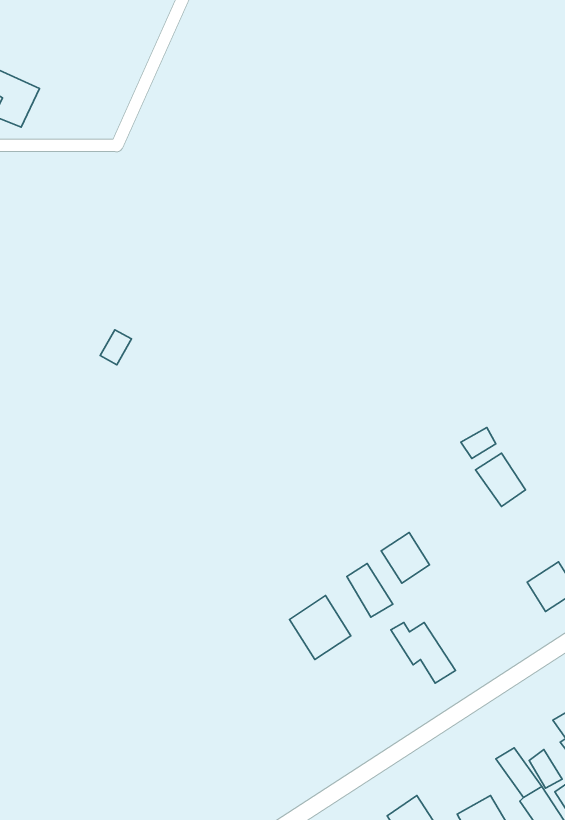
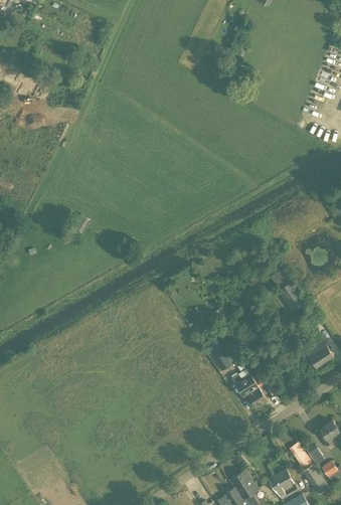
building: [381,532,430,583] -> none
building: [289,596,351,660] -> none

